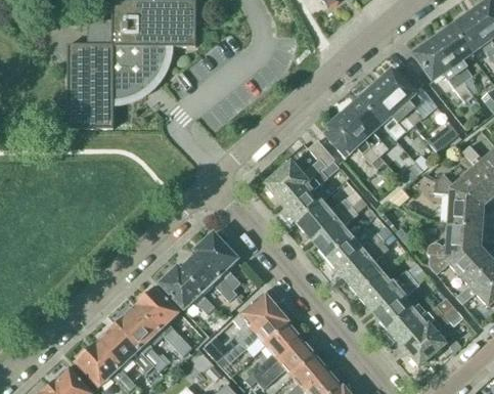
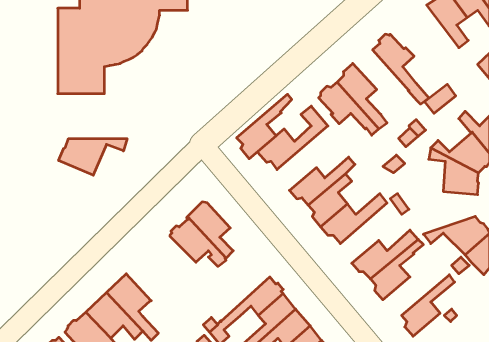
building: [412,40,473,101] -> none
building: [358,84,413,131] -> none
building: [283,159,338,222] -> [237,94,292,159]
building: none -> [59,139,127,175]
building: [426,223,481,265] -> none
building: [346,234,397,294] -> none
building: [159,265,214,313] -> none
building: [135,286,191,355] -> none
building: [222,292,276,351] -> none
building: [388,297,453,345] -> none

